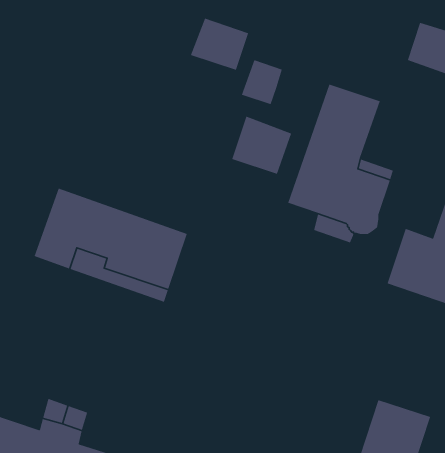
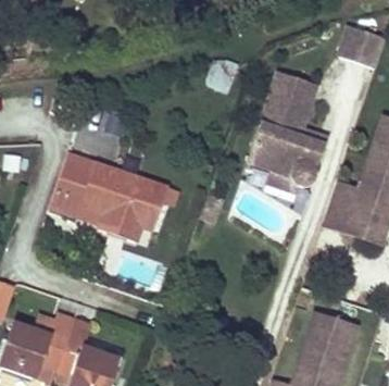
building: [190,17,249,71] -> none
building: [231,115,292,175] -> none

